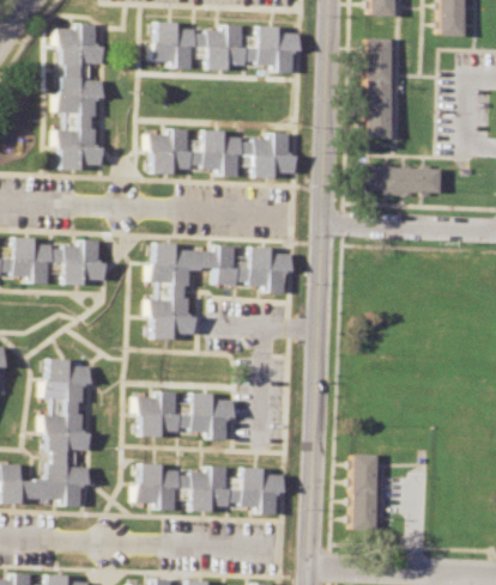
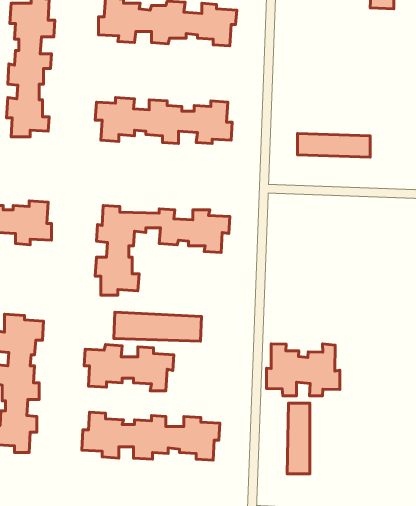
building: [367,37,394,138] -> none
building: none -> [114,312,202,341]
building: none -> [266,344,340,396]

